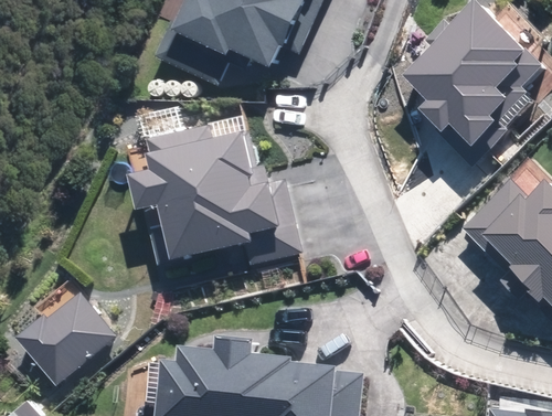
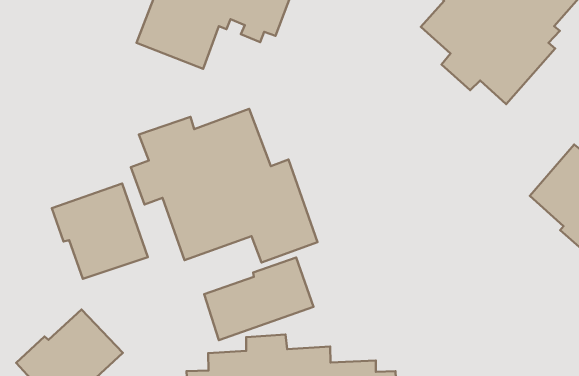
building: none -> [52,184,148,279]
building: none -> [204,257,314,340]

